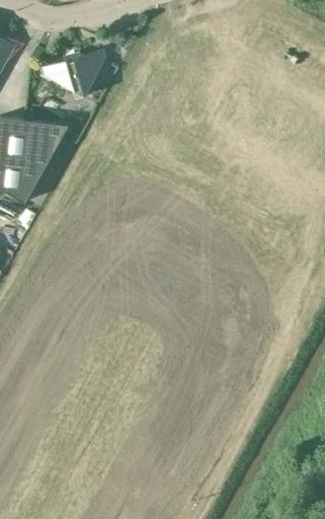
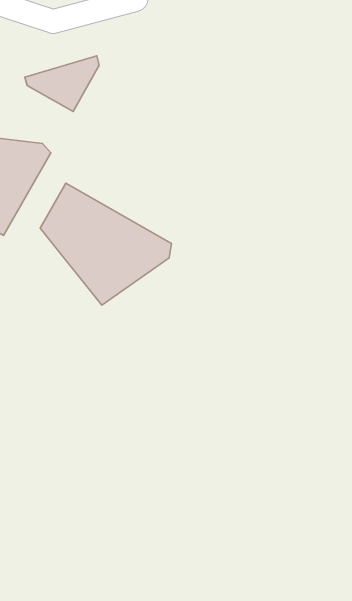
building: none -> [40,183,172,305]

